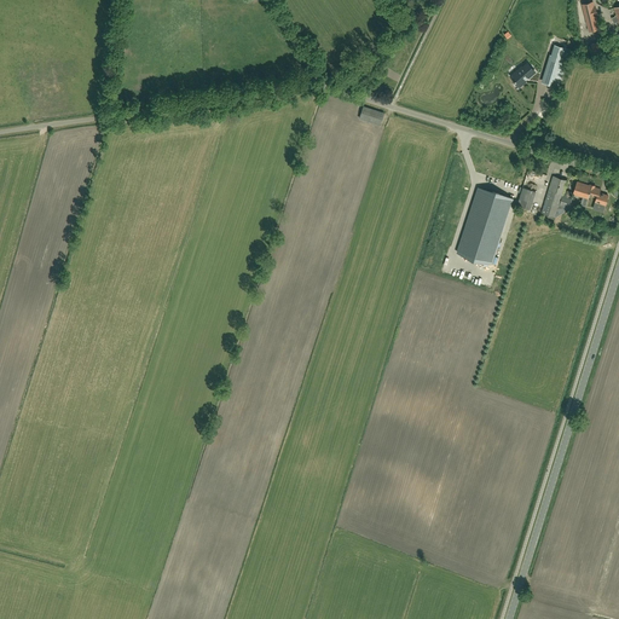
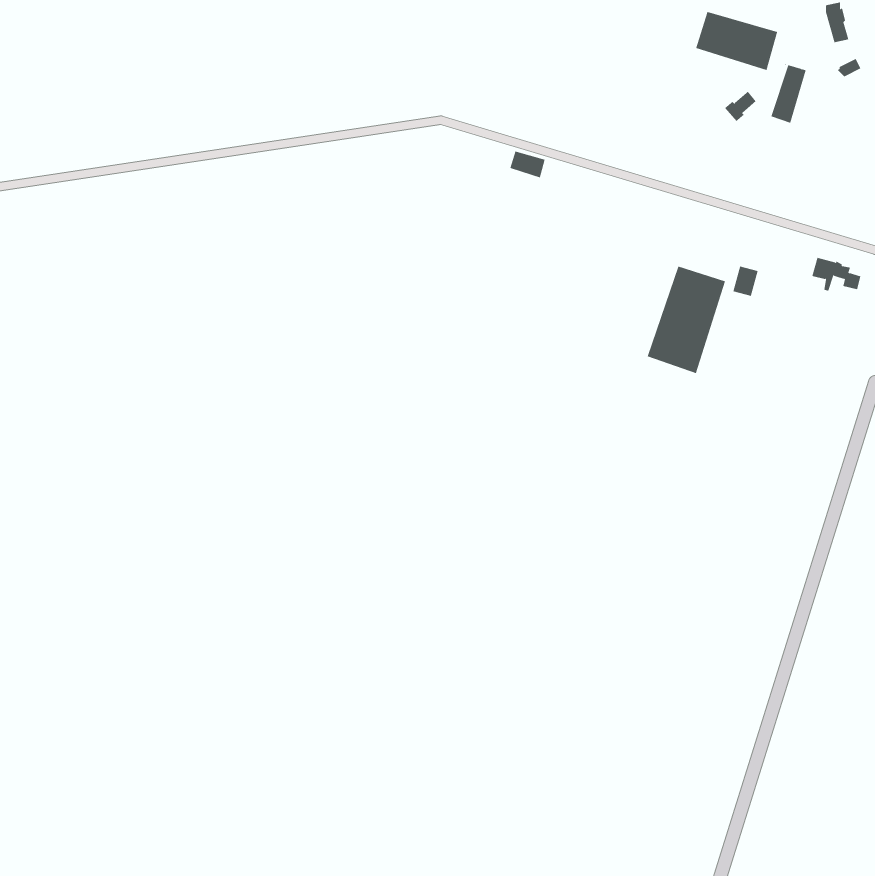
building: none -> [696,11,778,71]
building: [540,175,571,216] -> none

